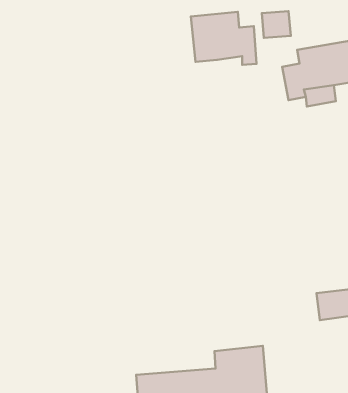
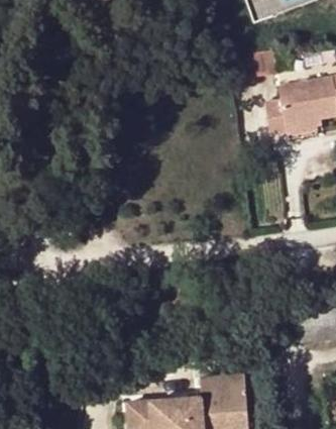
building: [191,12,257,65] -> none

